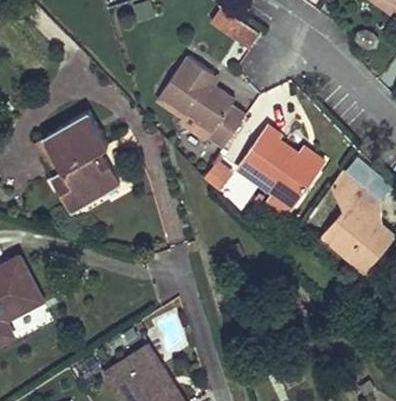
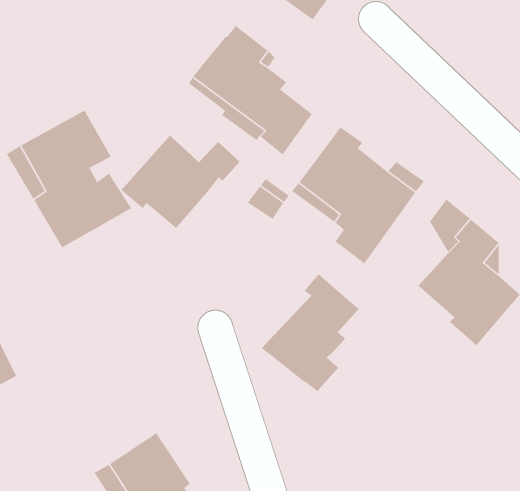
building: none -> [120,135,241,229]
building: none -> [261,273,360,392]

